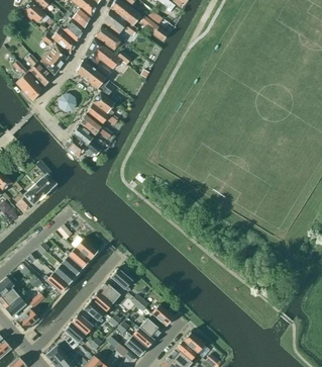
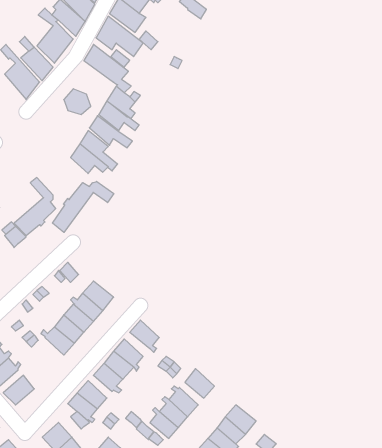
building: none -> [52,181,114,232]

